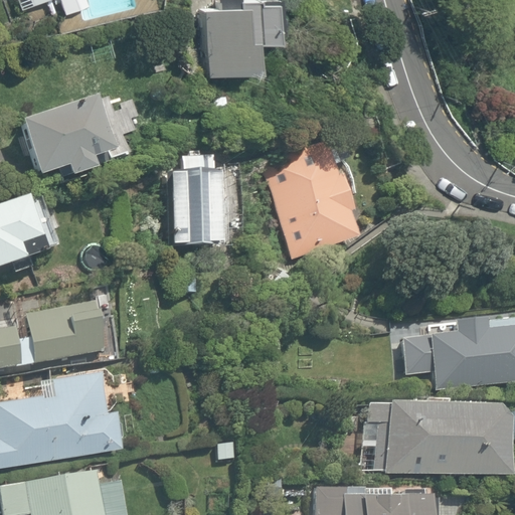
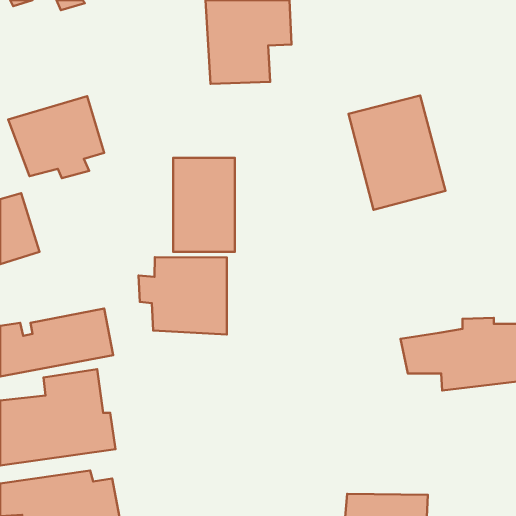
building: [269,131,365,244] -> [348,96,445,210]
building: none -> [139,257,227,335]
building: [377,402,503,477] -> none

